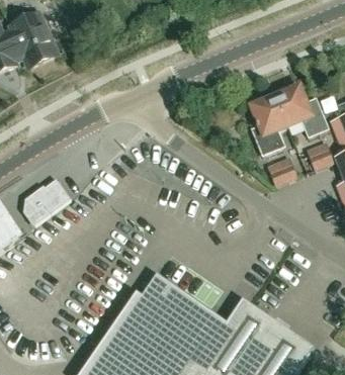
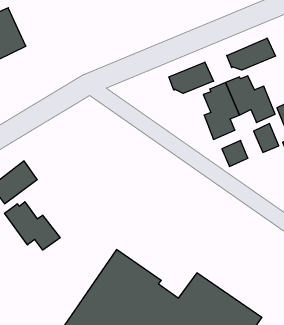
building: none -> [227,38,275,70]
building: none -> [169,62,214,93]
building: none -> [5,202,60,250]

